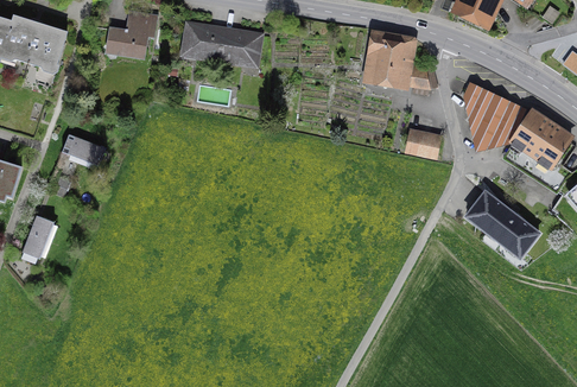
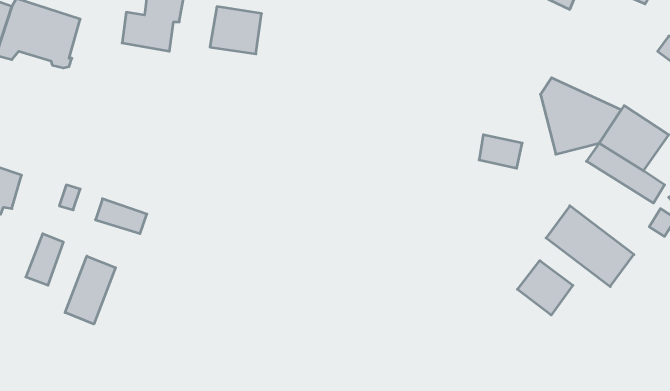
building: [220,27,265,69] -> none
building: [364,30,430,94] -> none
building: [63,135,107,165] -> [95,199,147,234]
building: none -> [65,256,116,324]
building: none -> [517,261,573,315]

